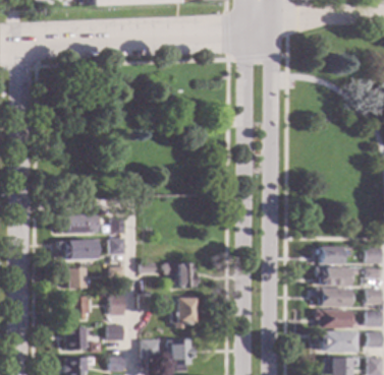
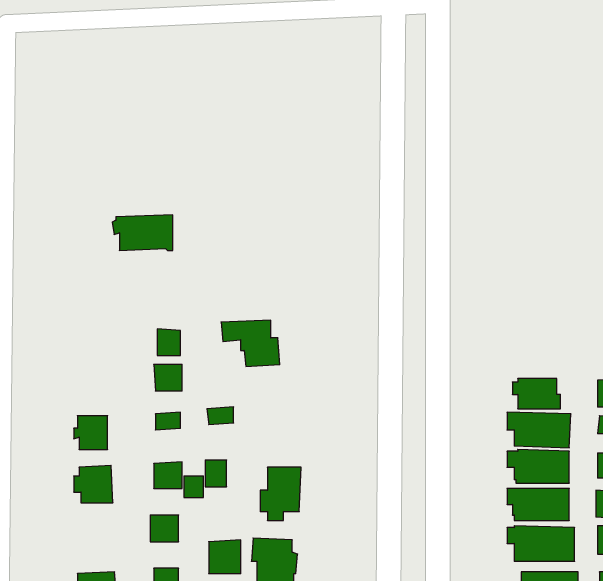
building: [63,212,98,233] -> [112,215,173,250]
building: [61,239,99,258] -> none
building: [166,261,200,288] -> [221,320,280,366]
building: [68,326,89,349] -> none

